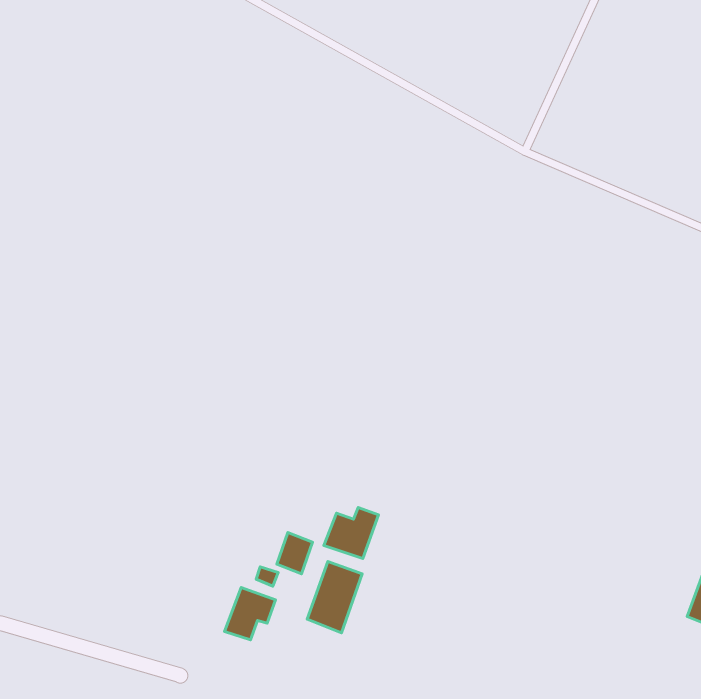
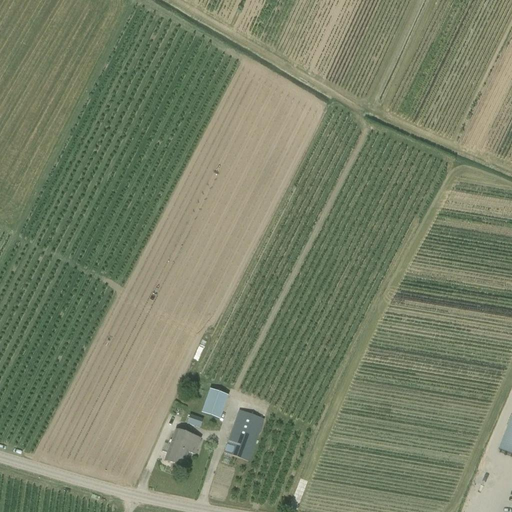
building: [324,507,379,559] -> none

